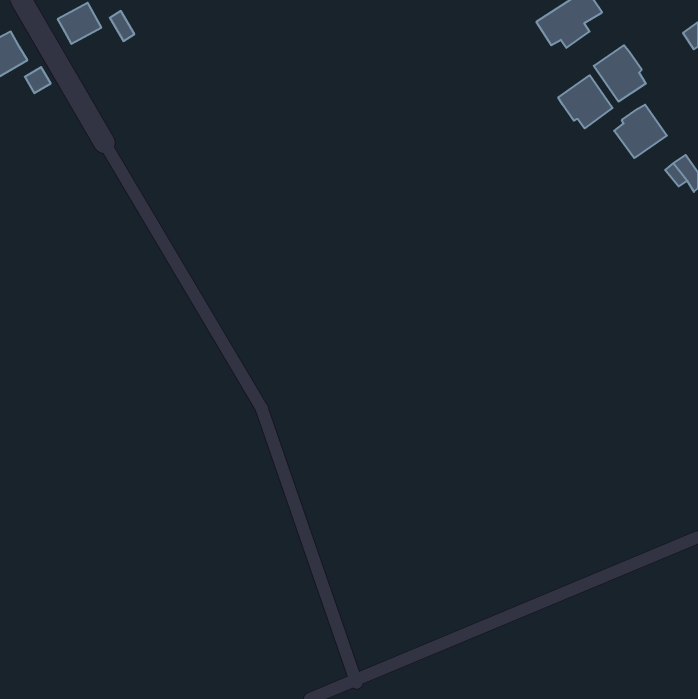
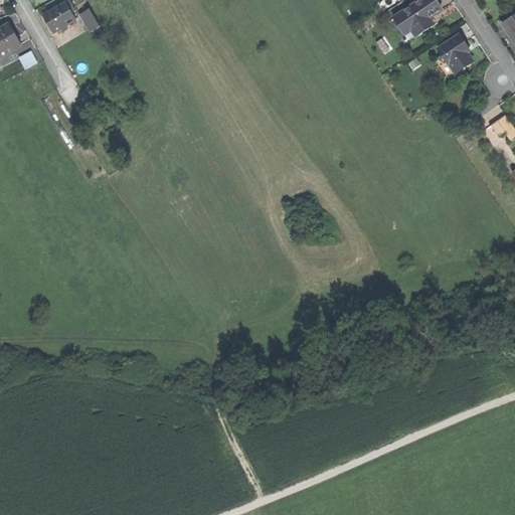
building: [558,75,613,128] -> none
building: [614,105,667,158] -> none

